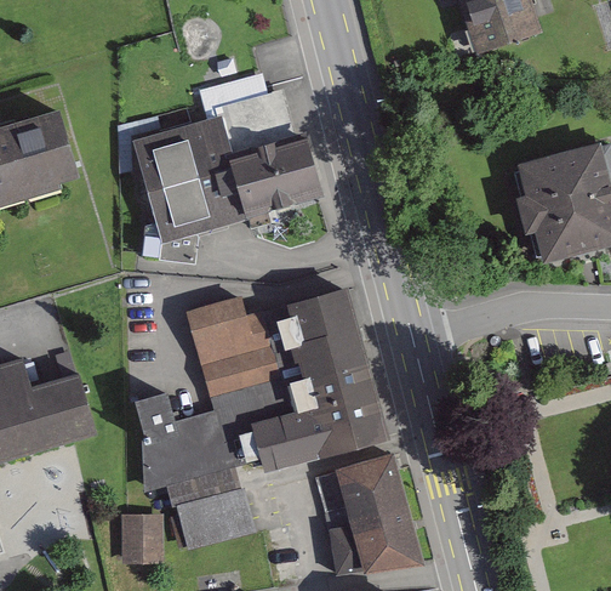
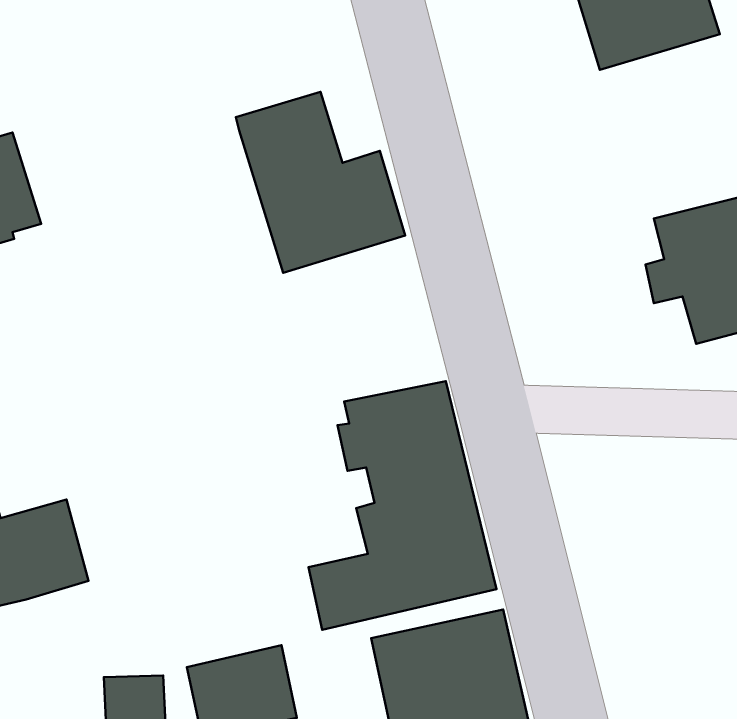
building: [113,112,242,238] -> none
building: [138,297,293,487] -> none

